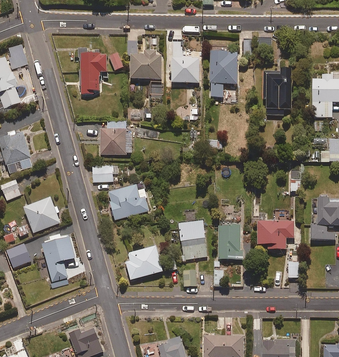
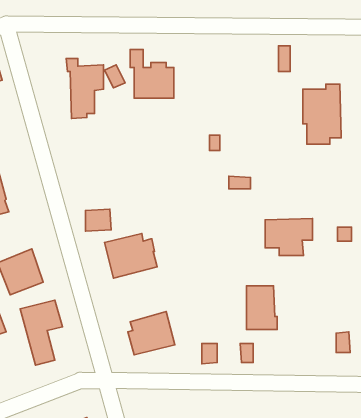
building: [171,42,198,81] -> none
building: [209,50,237,96] -> none
building: [99,122,131,154] -> none
building: [178,220,207,259] -> none
building: [256,220,293,249] -> [265,219,312,256]

